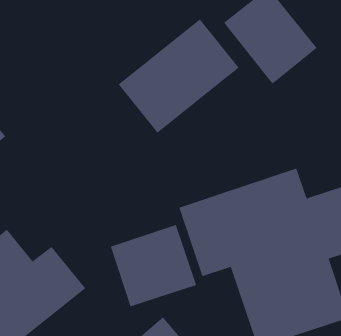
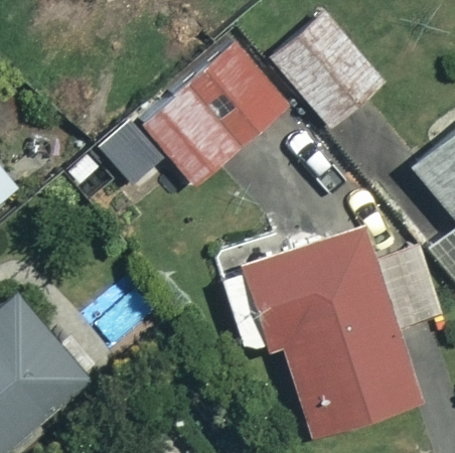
building: [110,224,197,307] -> none

